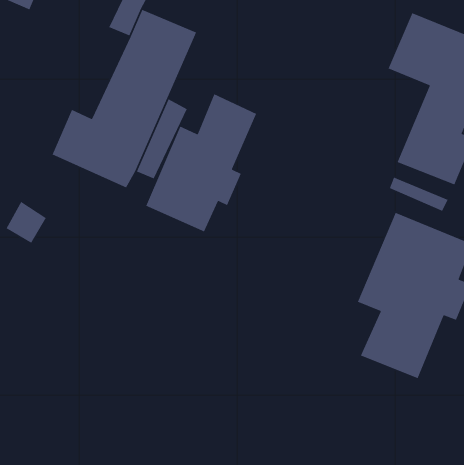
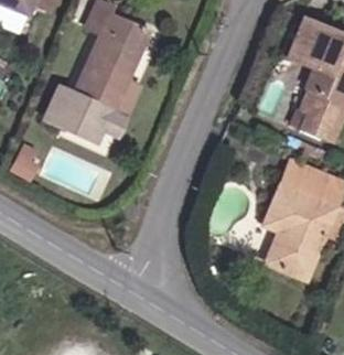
building: [145,93,257,232] -> none

